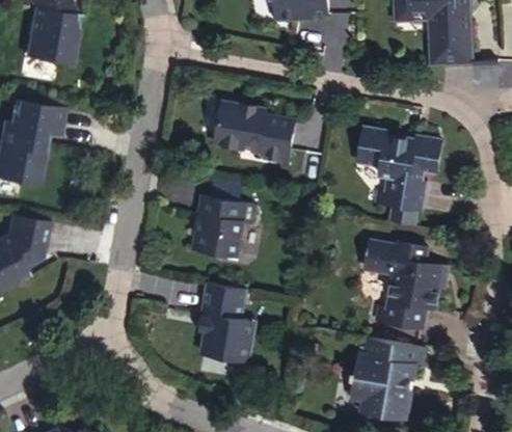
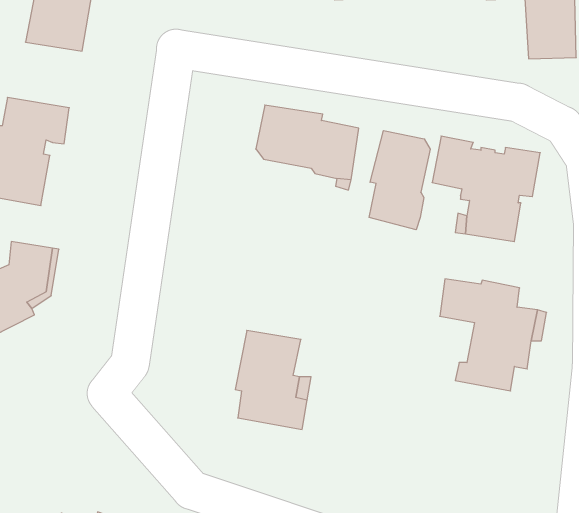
building: none -> [369,131,430,230]
building: [191,195,254,258] -> none
building: [344,336,423,420] -> none

